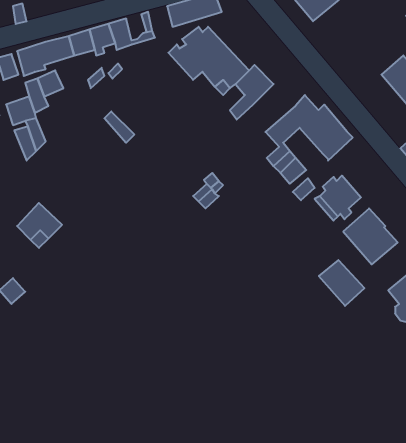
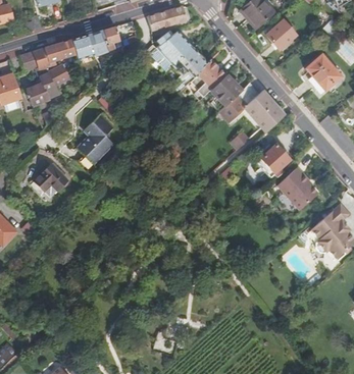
building: none -> [267,19,297,49]
building: none -> [210,74,242,110]
building: none -> [77,114,113,163]
building: [319,260,364,306] -> none

